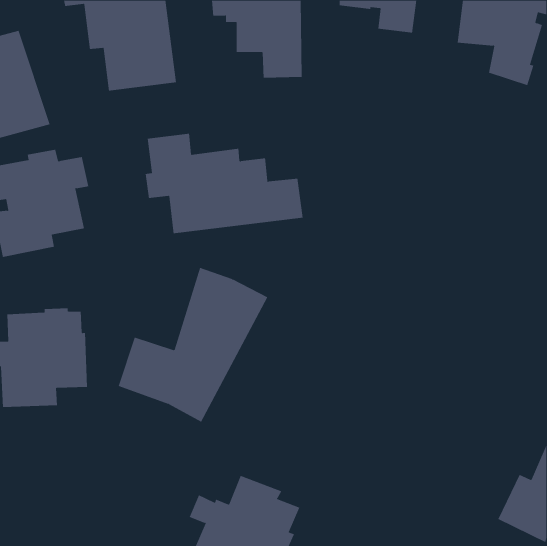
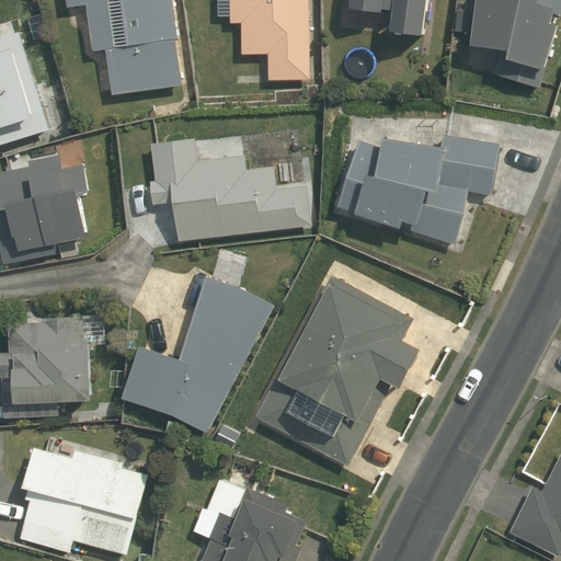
building: none -> [335,136,499,245]
building: none -> [254,274,419,465]
building: none -> [20,445,149,554]

